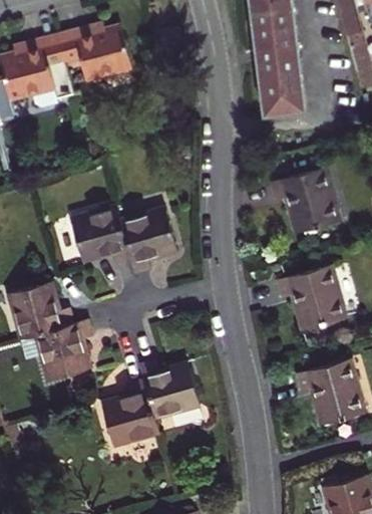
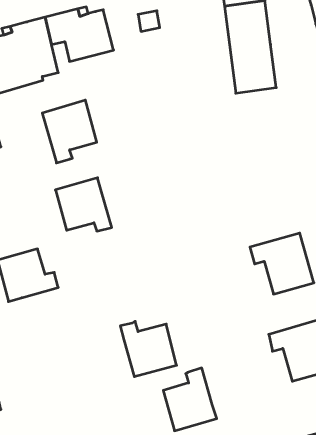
building: [272,168,340,233] -> none
building: [119,207,177,274] -> [42,100,97,163]
building: [34,319,92,380] -> none
building: [102,379,159,447] -> [163,368,217,431]

